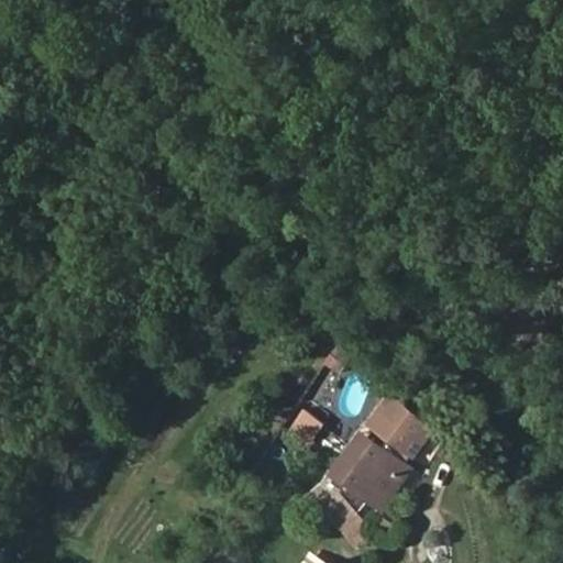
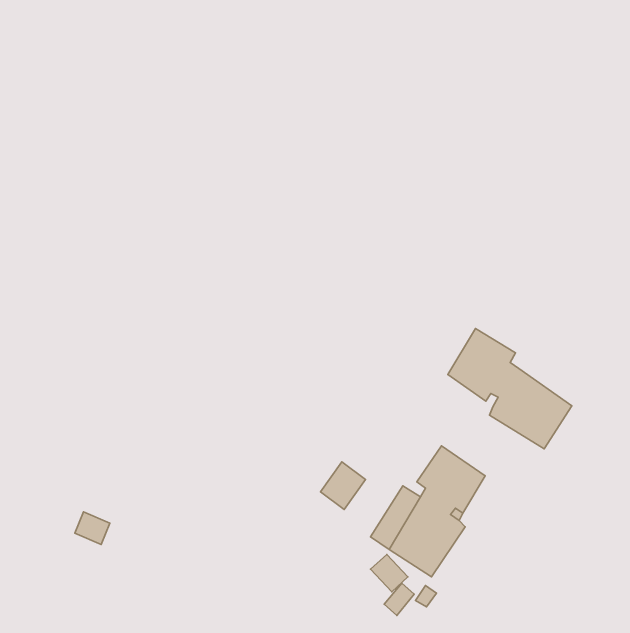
building: none -> [448,329,572,449]

